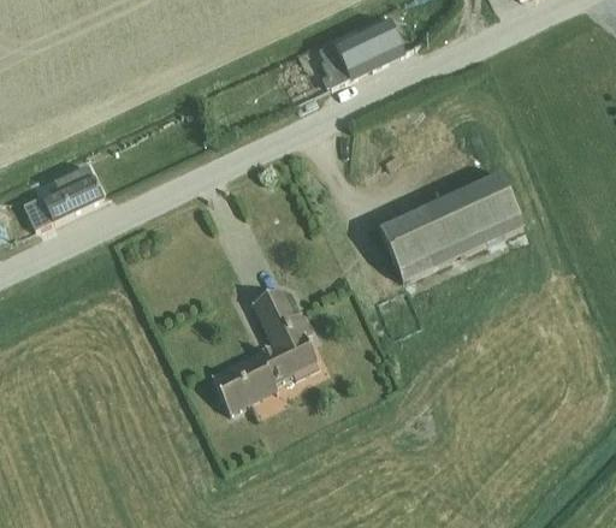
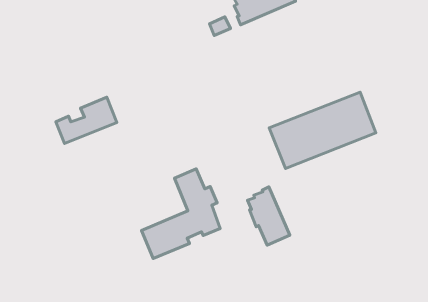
building: [22,165,105,231] -> [56,97,117,143]
building: none -> [248,187,290,245]

